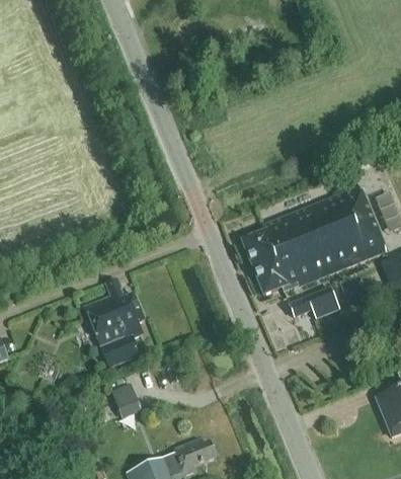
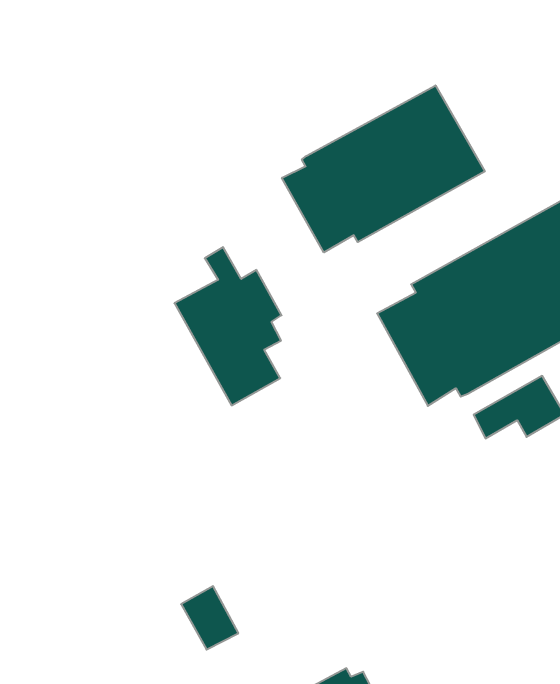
building: none -> [282,85,485,252]
building: [85,276,145,367] -> [174,247,282,405]

